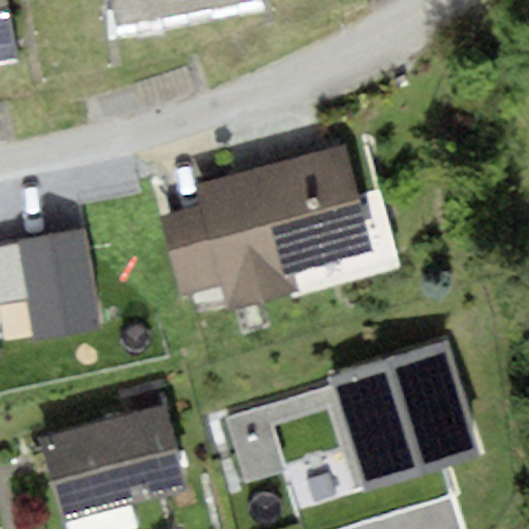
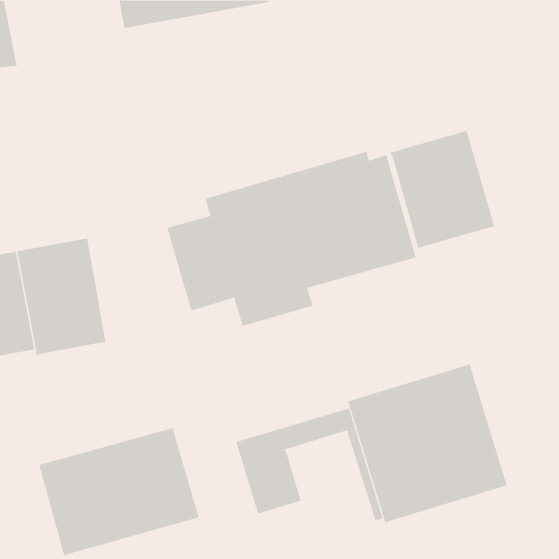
building: none -> [390,130,495,248]

